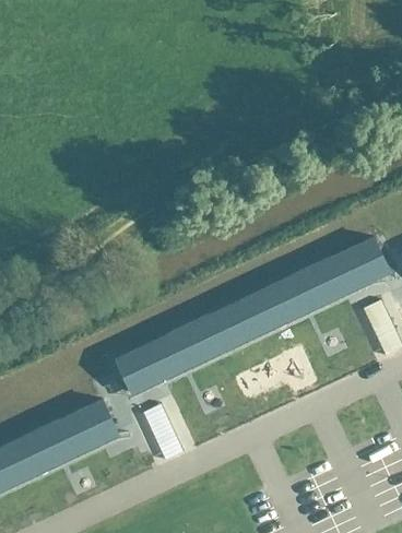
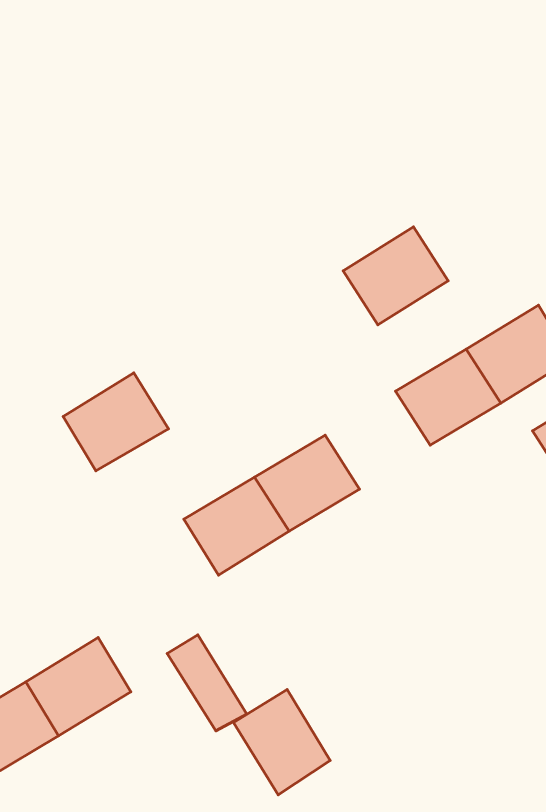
building: [244,280,303,333] -> [343,227,448,325]
building: [116,340,175,393] -> [63,373,168,471]
building: none -> [233,690,330,795]

